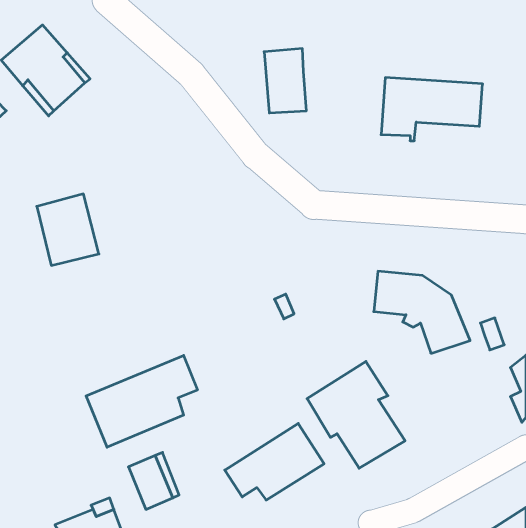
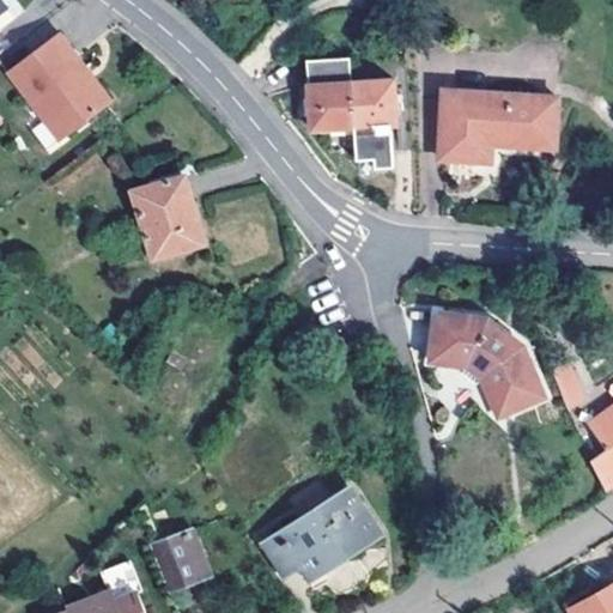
building: none -> [351,80,397,172]
building: [37,194,99,265] -> [138,174,210,256]
building: [86,355,197,447] -> none
building: [307,361,405,468] -> none

